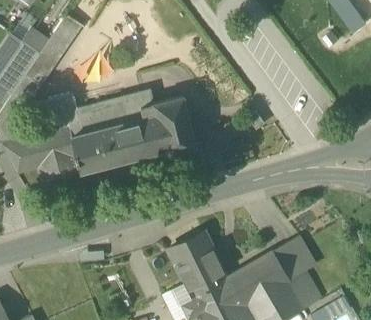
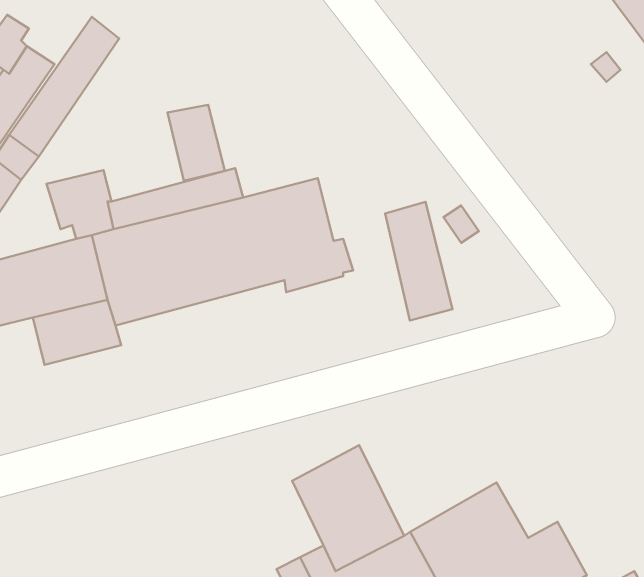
building: none -> [168,105,225,181]
building: none -> [385,202,452,320]
building: [273,236,315,279] -> none

